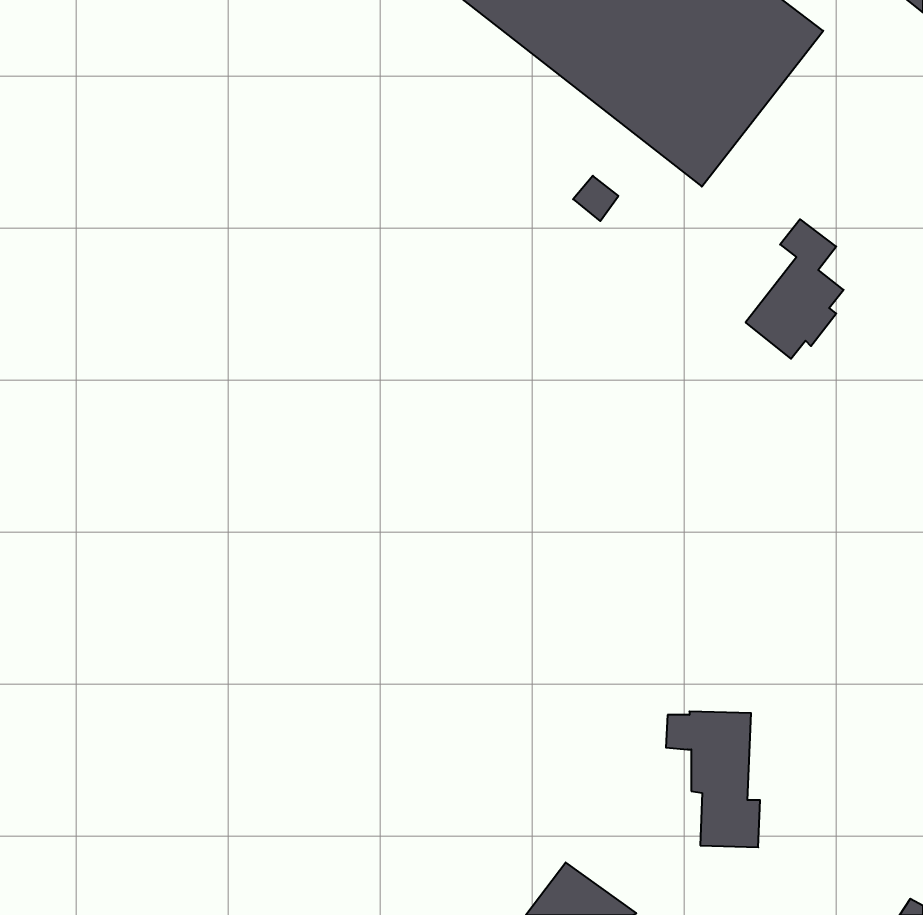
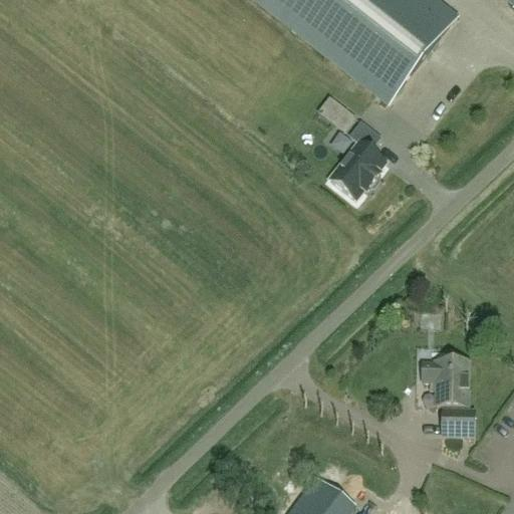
building: [746,219,844,359] -> [329,121,383,199]
building: [666,711,760,847] -> [421,360,473,436]

